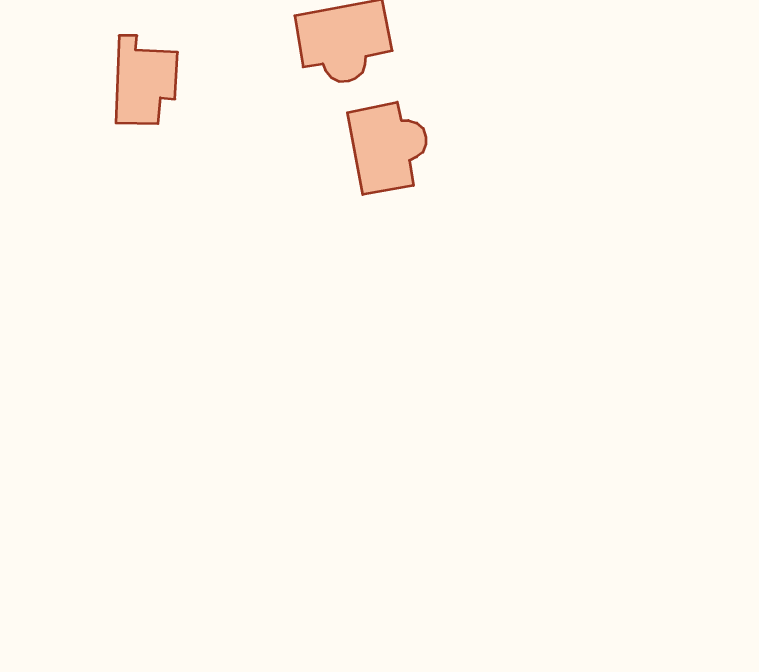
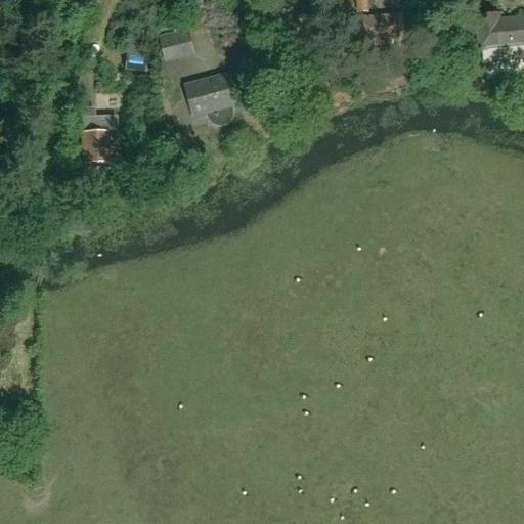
building: [347,102,426,195] -> none

